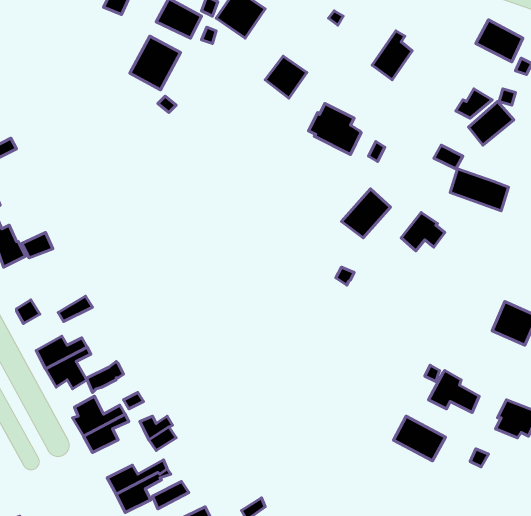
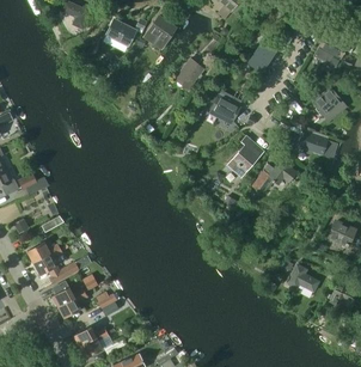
building: [130,36,181,90] -> none
building: [393,416,445,461] -> none

